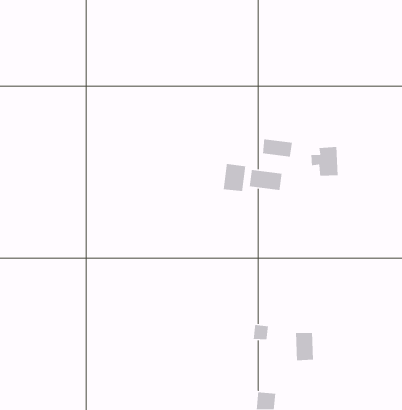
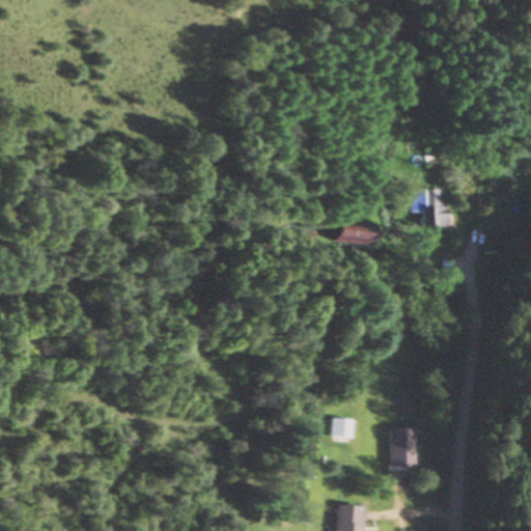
building: [262,138,293,157] -> none
building: [223,163,246,192] -> none

